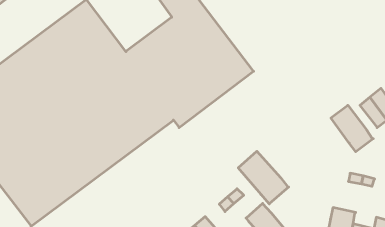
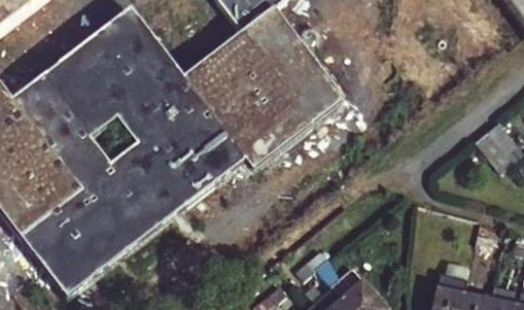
building: [331,105,373,152] -> none
building: [238,151,289,204] -> none

